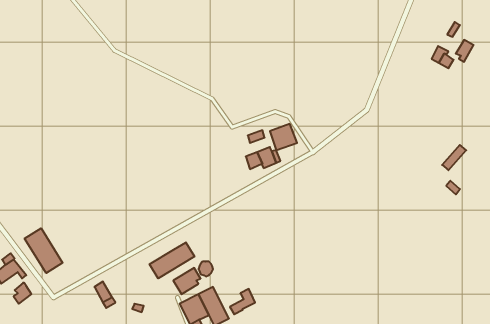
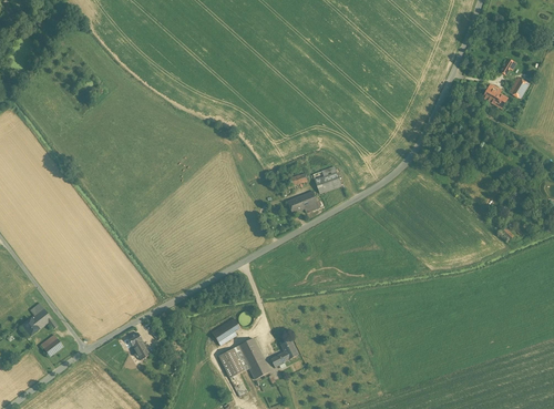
building: [25,228,63,273] -> none
building: [150,242,194,278] -> none

